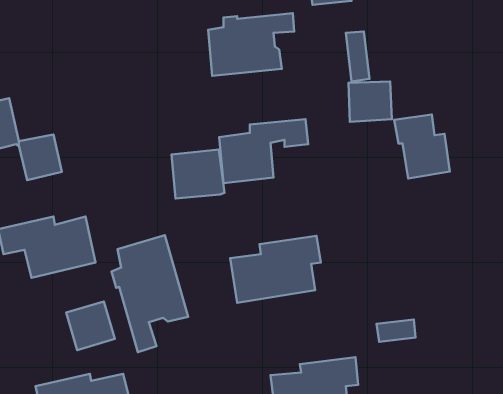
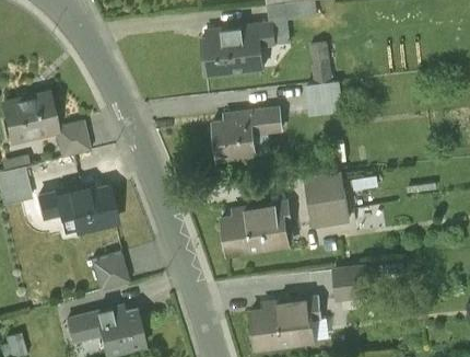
building: [394,114,450,178] -> [306,174,350,224]
building: [171,149,225,199] -> none
building: [112,235,188,352] -> none

